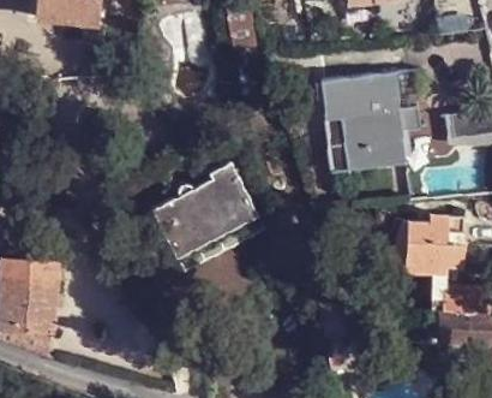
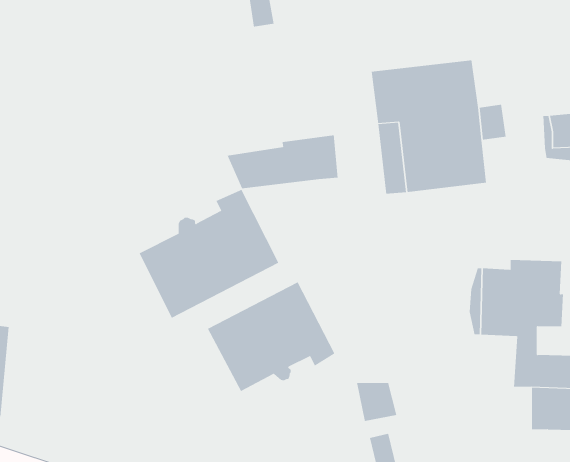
building: none -> [227,135,338,189]
building: none -> [207,282,335,392]

